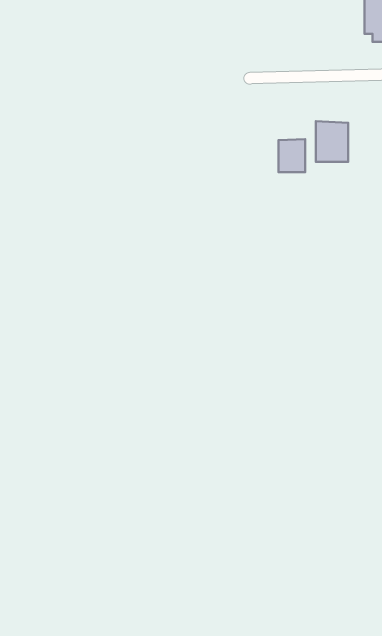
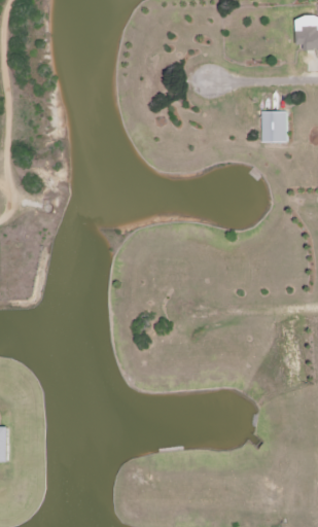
building: [278,139,305,172] -> none

